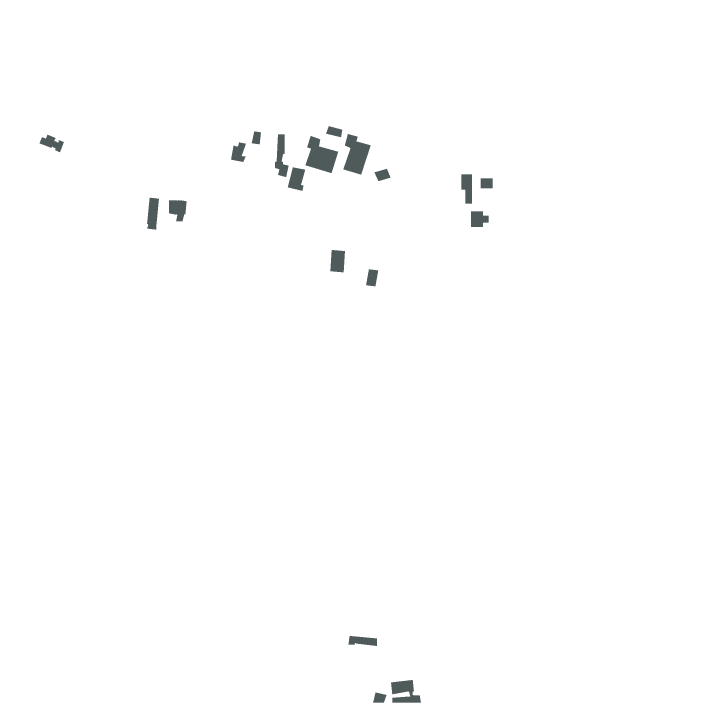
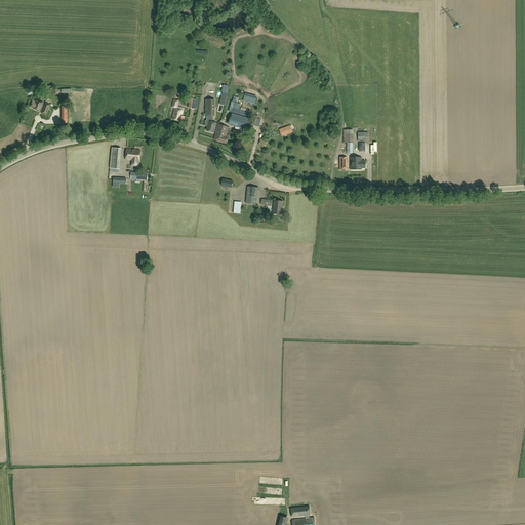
building: [343,133,371,176] -> none

